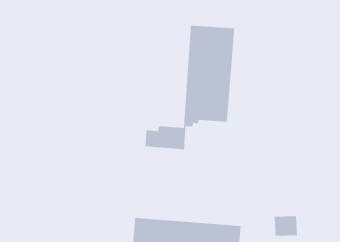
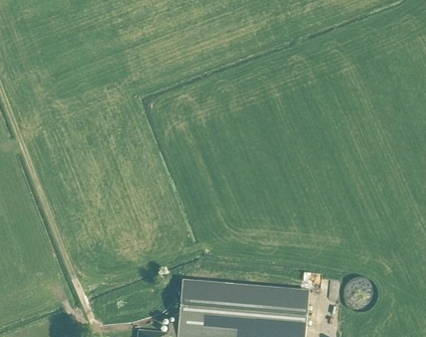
building: [145,25,235,150] -> none

